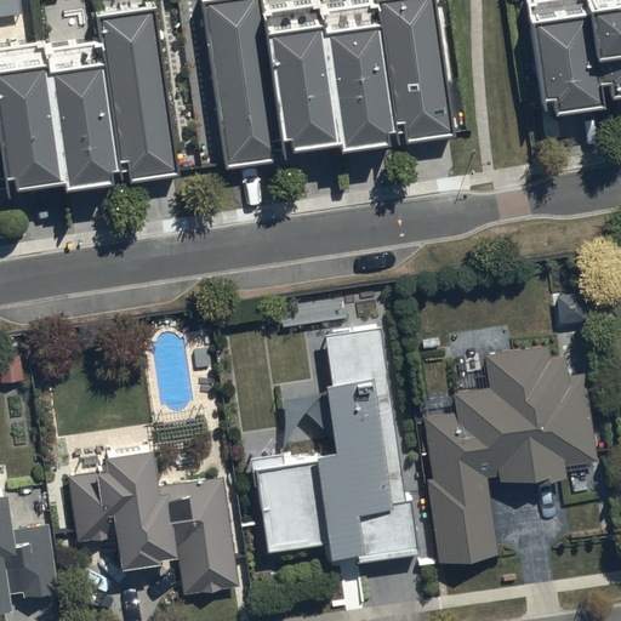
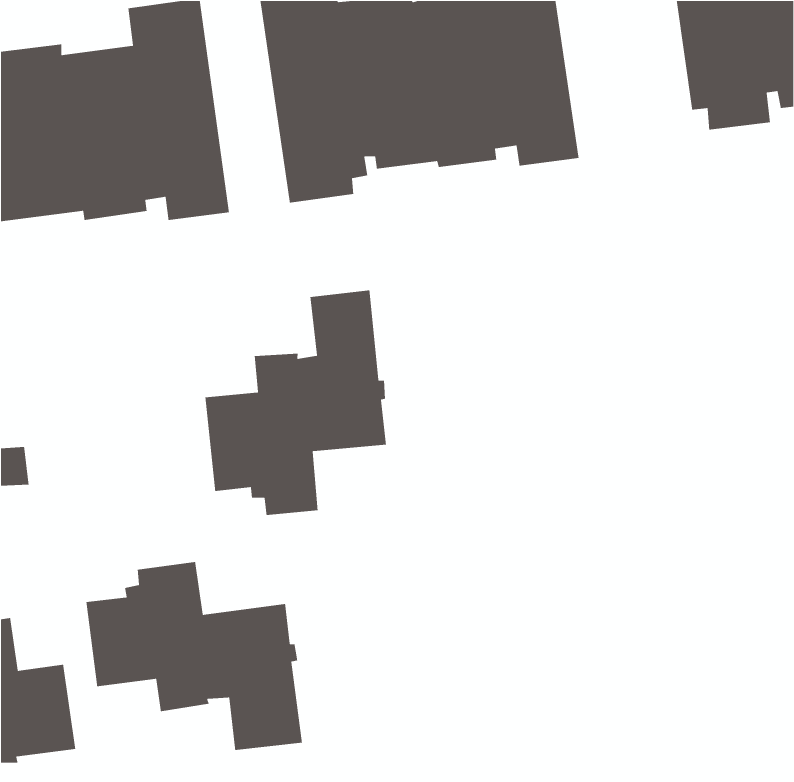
building: none -> [205,290,387,516]
building: [255,329,417,563] -> none
building: [423,348,596,565] -> none

